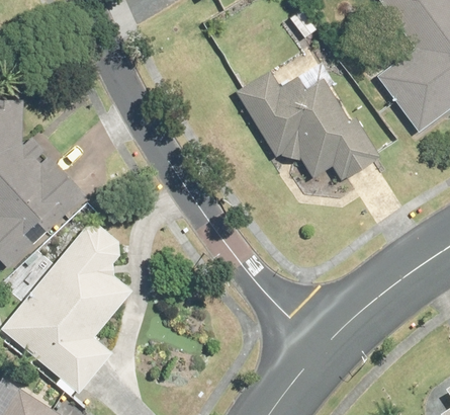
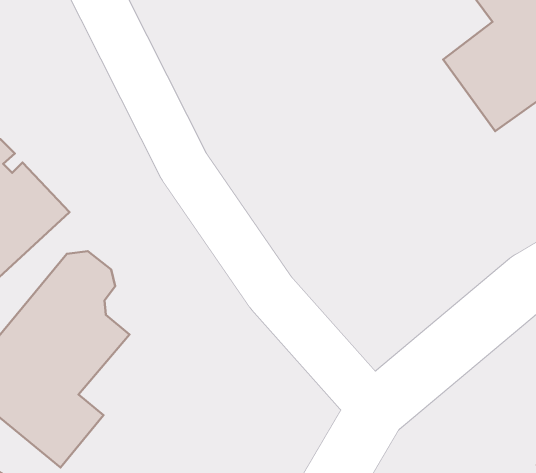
building: [233,67,382,185] -> none

